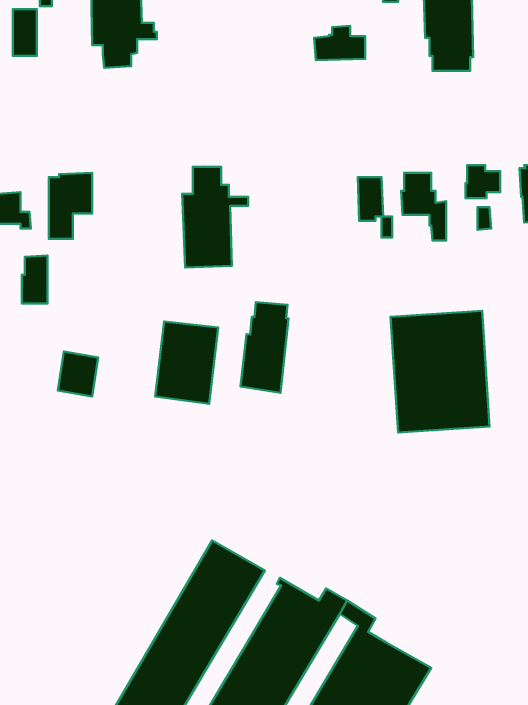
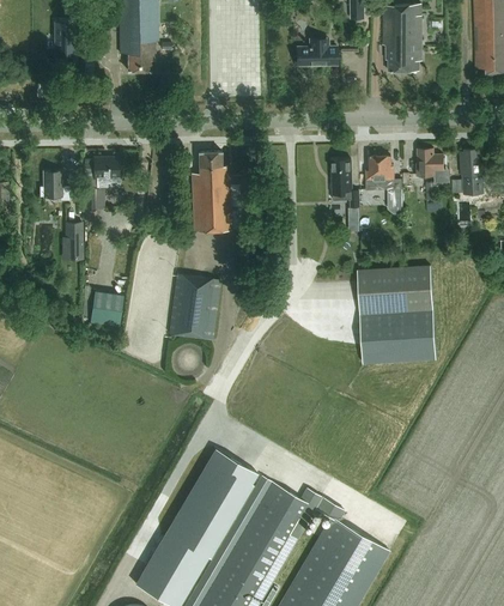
building: [240,302,289,393] -> none

